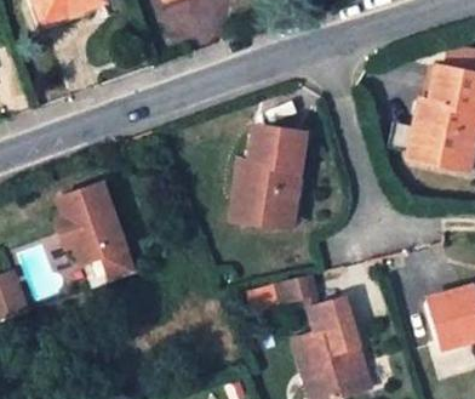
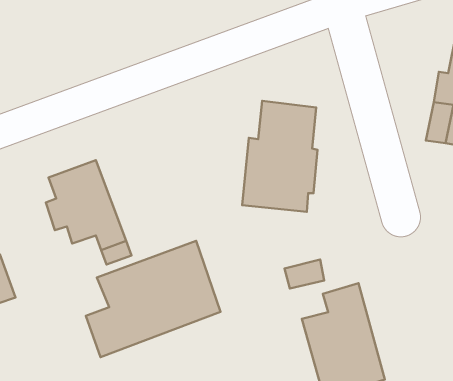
building: none -> [86,241,221,357]

